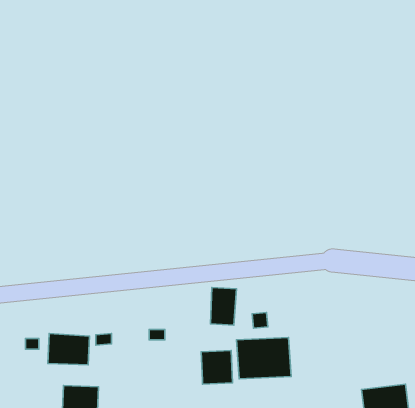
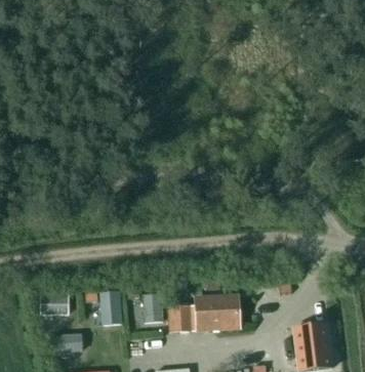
building: [210,287,236,325] -> [136,298,157,328]
building: none -> [98,295,122,328]

